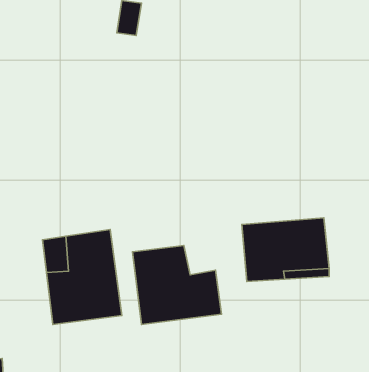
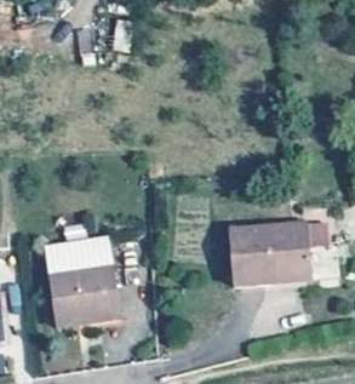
building: [132,245,222,325] -> none

